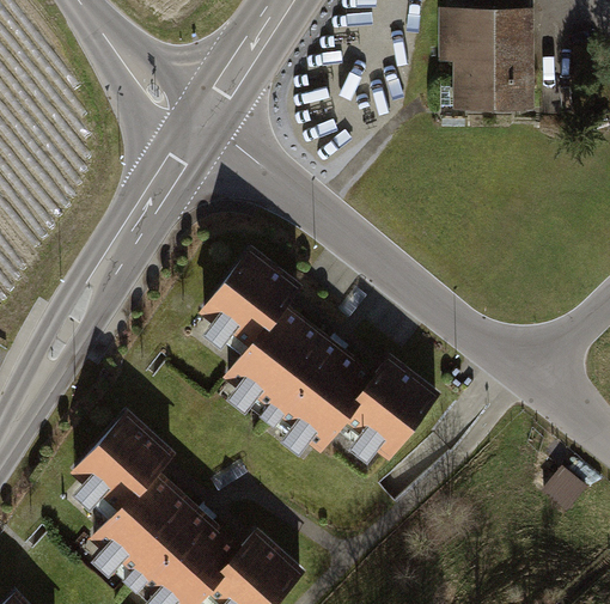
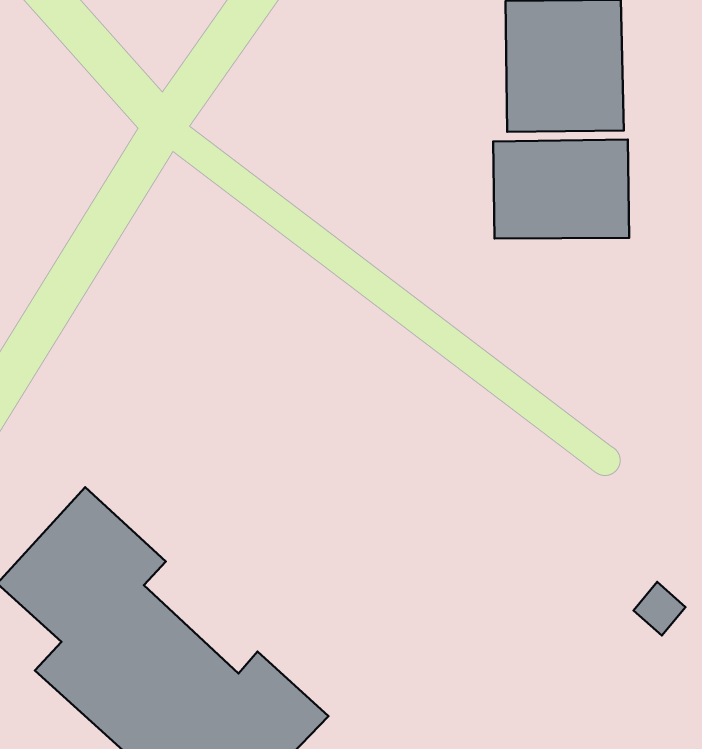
building: none -> [493,140,629,239]
building: [202,248,438,458] -> none

